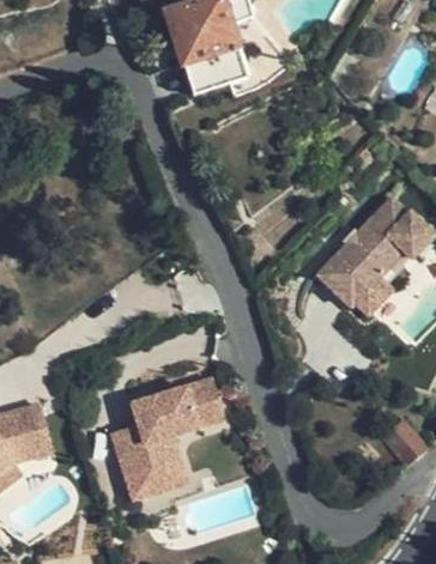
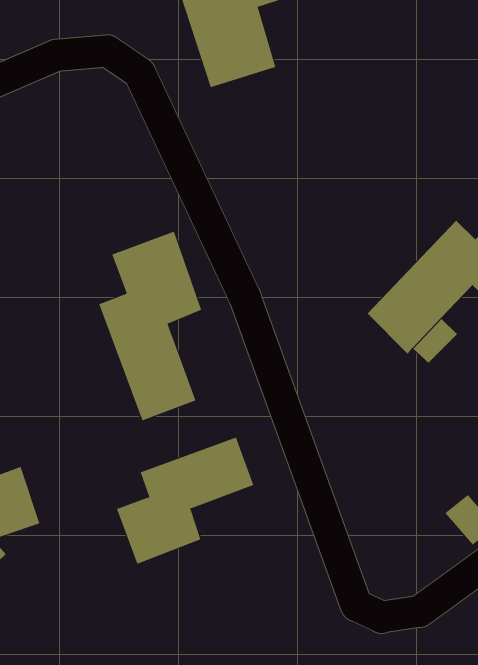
building: none -> [98,231,202,421]
building: [129,459,190,501] -> none

